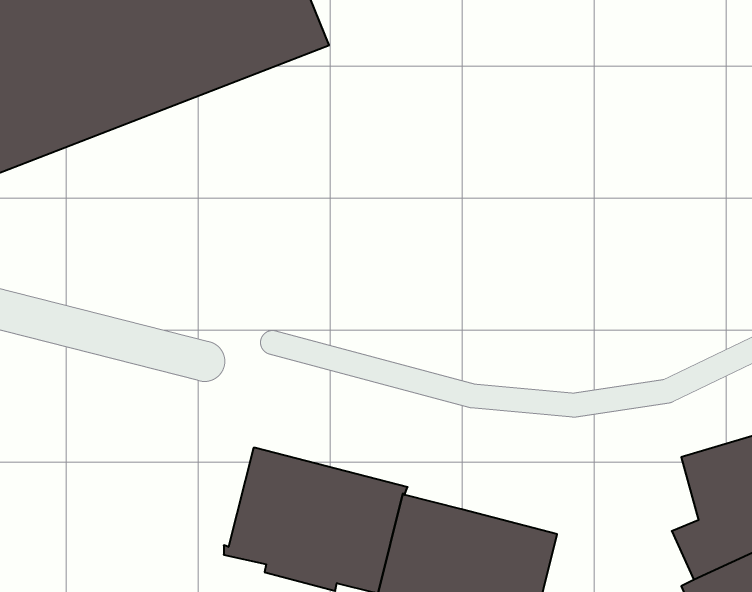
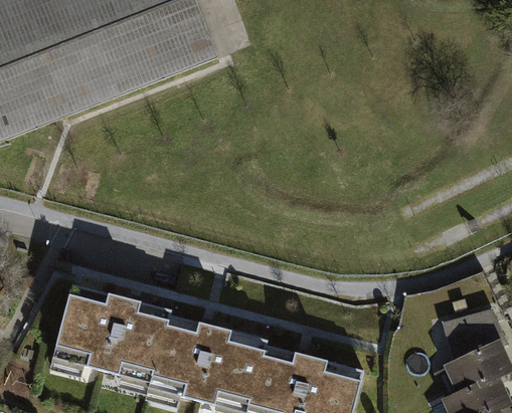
building: none -> [53,283,171,378]

